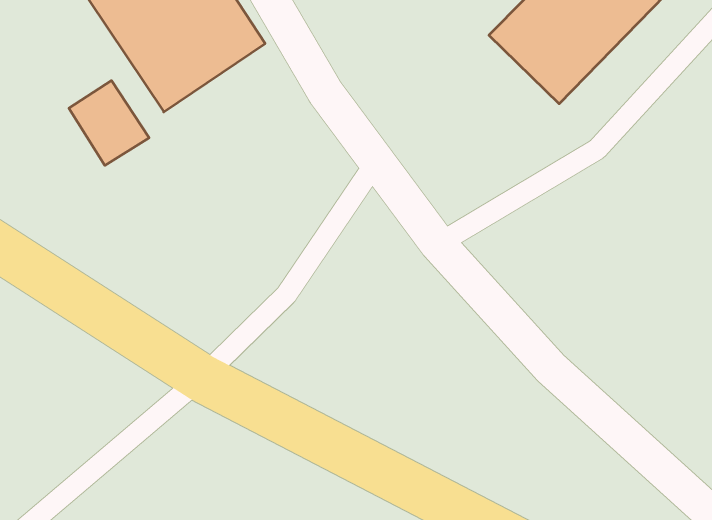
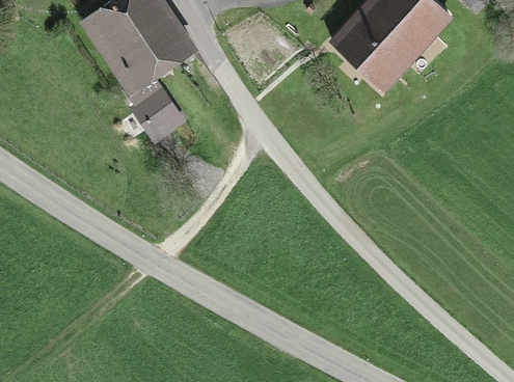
building: [69,81,149,165] -> [132,86,183,140]

